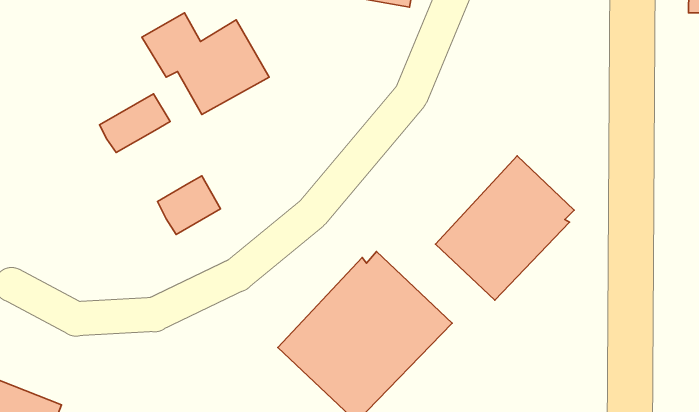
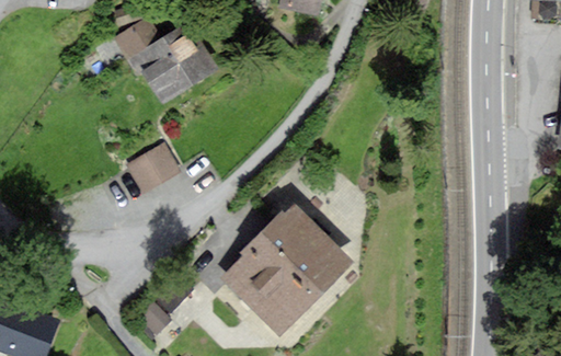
building: [100,94,170,153] -> none
building: [436,156,574,300] -> none

